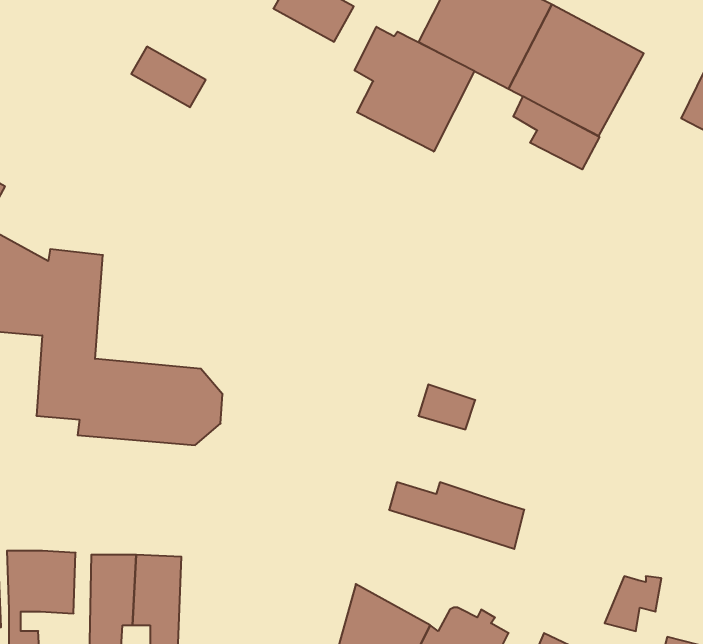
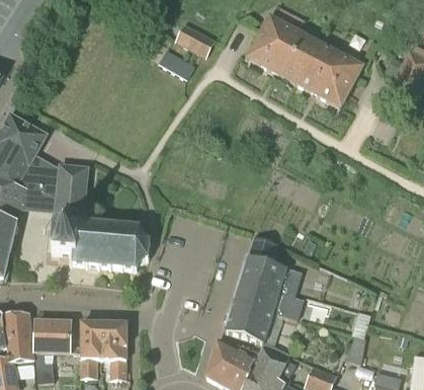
building: [355,27,474,152] -> none
building: [131,47,206,107] -> [155,47,193,78]
building: [513,96,599,169] -> none
building: none -> [237,256,300,297]
building: none -> [224,300,272,341]

